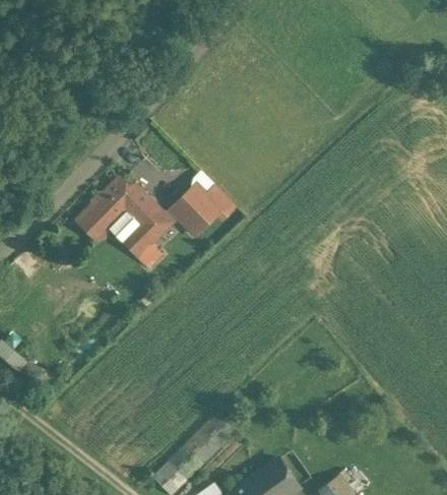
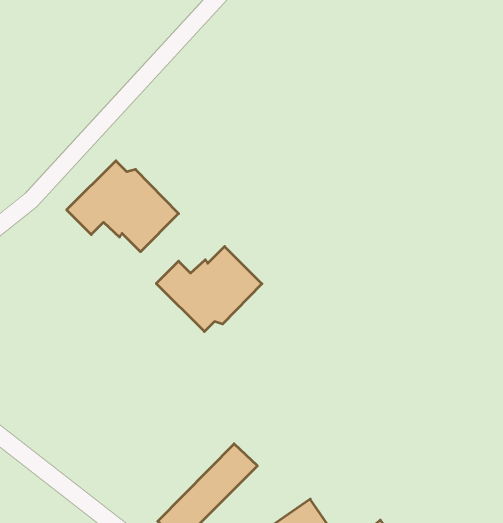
building: [171,185,218,234] -> none
building: none -> [156,246,262,332]

